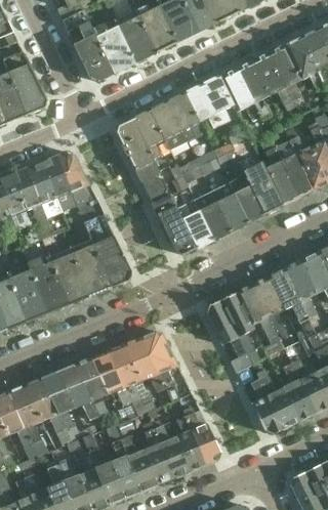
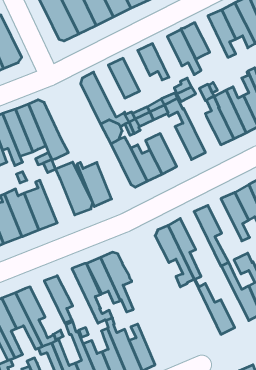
building: [252,51,291,104] -> none
building: [202,76,234,124] -> none
building: [167,92,204,140] -> none
building: [132,110,164,158] -> none
building: [239,157,283,213] -> none
building: [211,182,248,229] -> none
building: [69,244,110,296] -> [77,162,112,207]
building: [268,267,315,340] -> none
building: [235,283,284,356] -> none
building: [89,350,137,417] -> none
building: [243,363,283,433] -> none
building: [283,363,316,420] -> none
building: [57,365,98,419] -> none
building: [182,407,220,464] -> none

